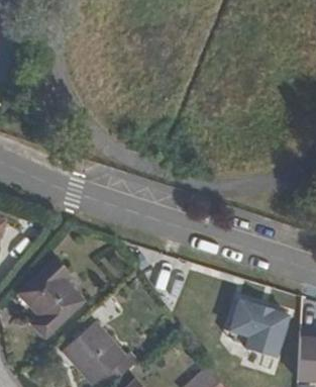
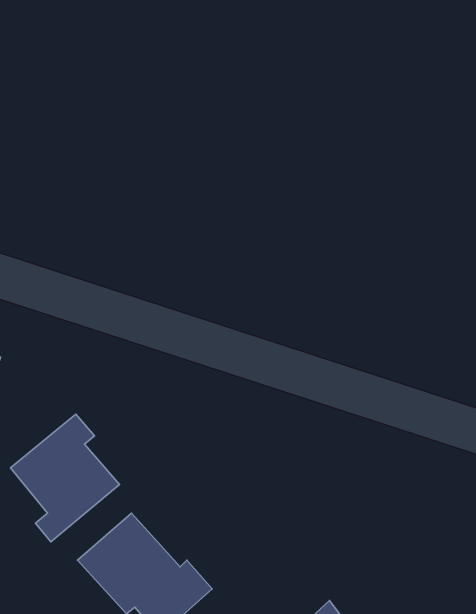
building: [232,307,290,362] -> none

